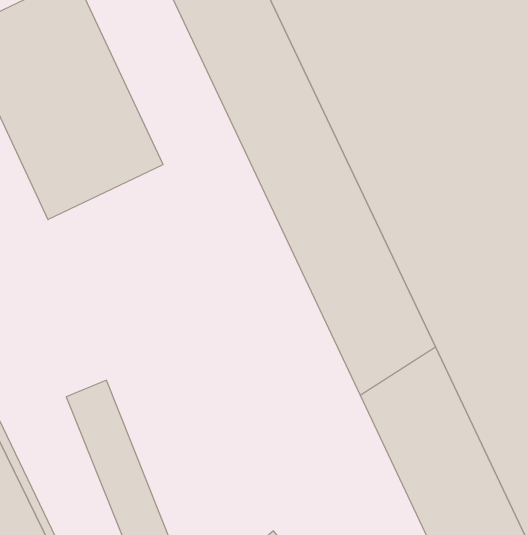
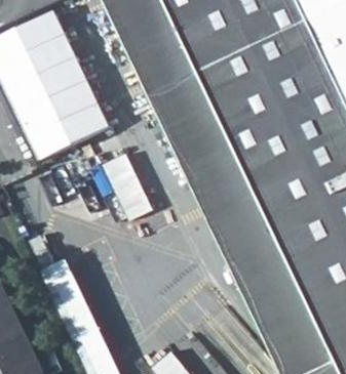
building: none -> [108,153,154,219]

